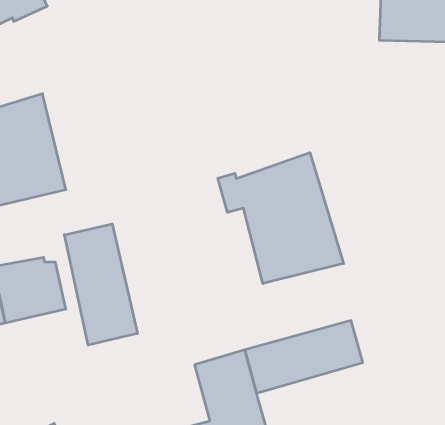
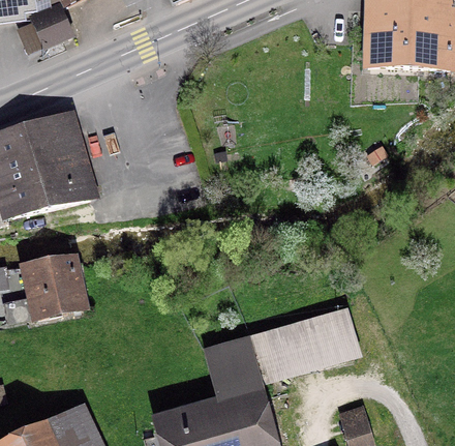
building: [218,153,344,284] -> none
building: [64,224,137,345] -> none

